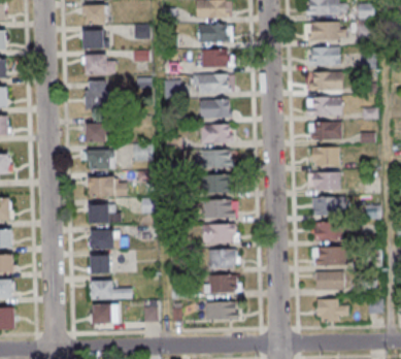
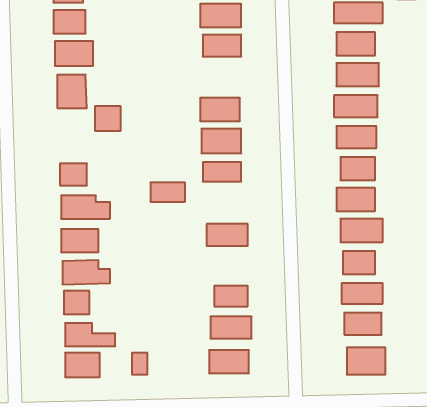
building: [194,74,233,93] -> none
building: [85,125,105,144] -> [95,106,121,131]
building: [207,178,235,194] -> [150,183,185,202]
building: [202,226,237,242] -> none

